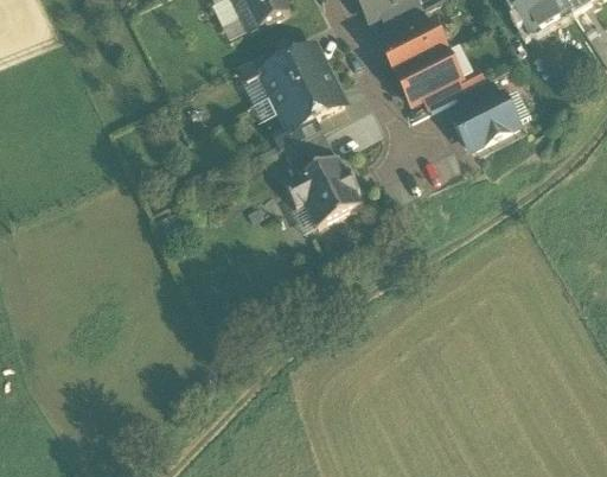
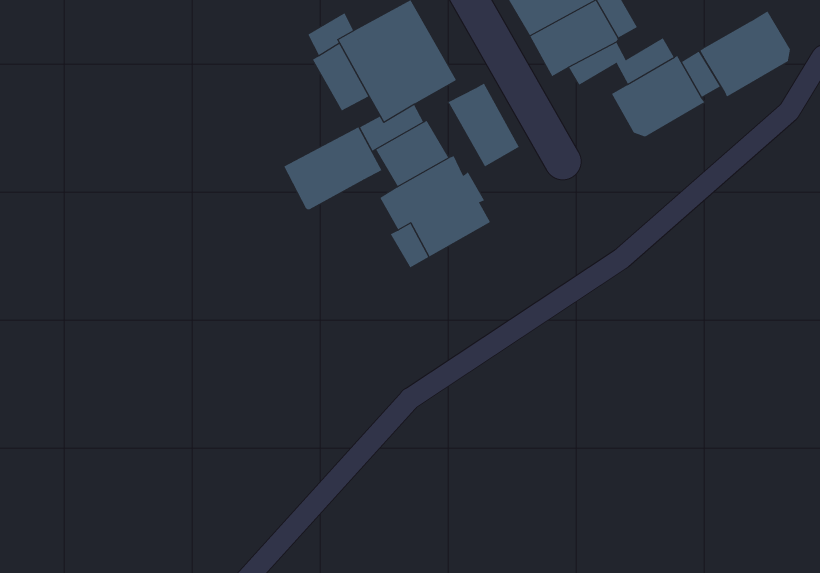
building: none -> [699,11,791,98]
building: none -> [448,83,520,167]
building: none -> [284,126,382,210]

